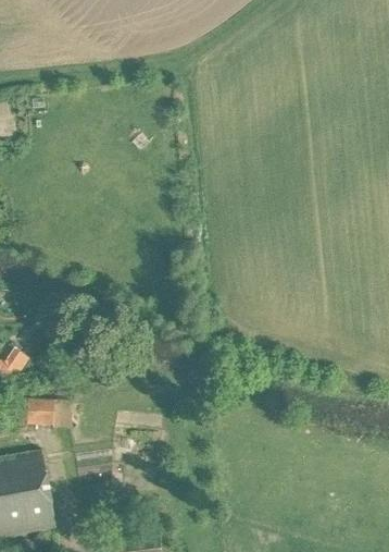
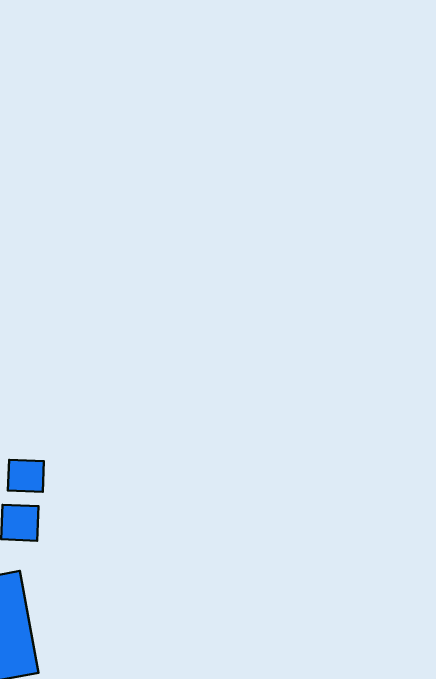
building: none -> [8,460,44,492]

